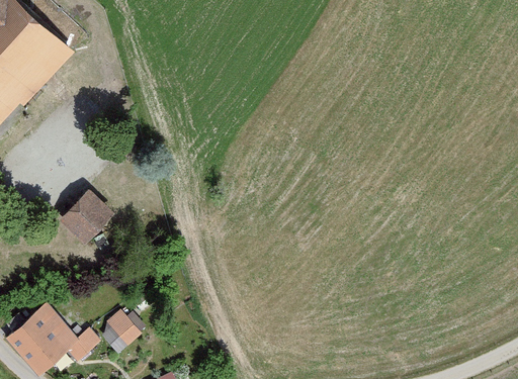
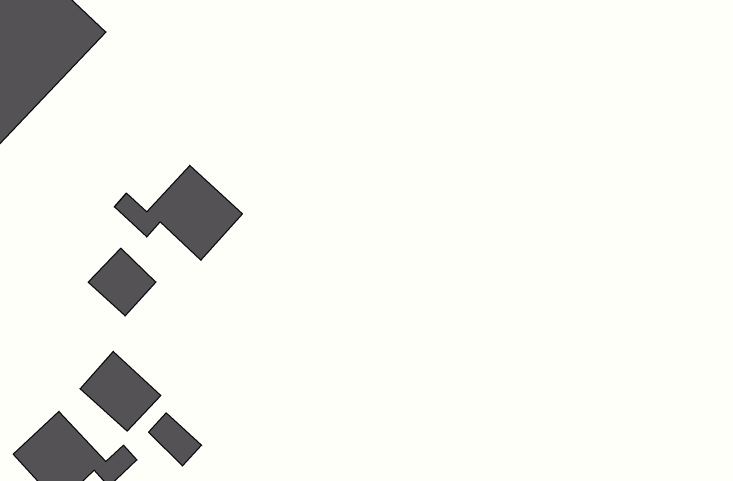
building: none -> [114,165,242,260]
building: none -> [80,351,161,431]

